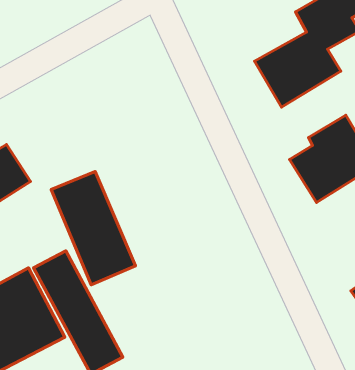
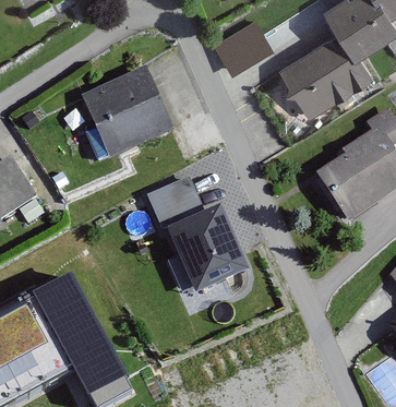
building: none -> [227,15,277,65]
building: none -> [76,71,170,166]
building: [51,171,135,285] -> [165,181,256,304]

